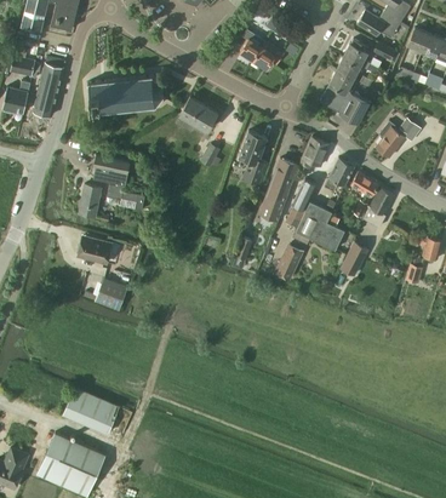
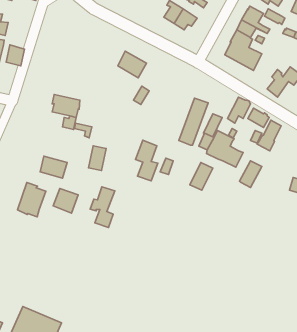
building: [38,56,65,95] -> none
building: [87,76,162,113] -> none
building: [239,131,268,184] -> [136,140,158,181]
building: [299,137,330,168] -> none
building: [79,184,102,217] -> [89,146,106,171]
building: none -> [17,182,46,217]
building: none -> [90,187,115,228]
building: [63,388,119,434] -> none

